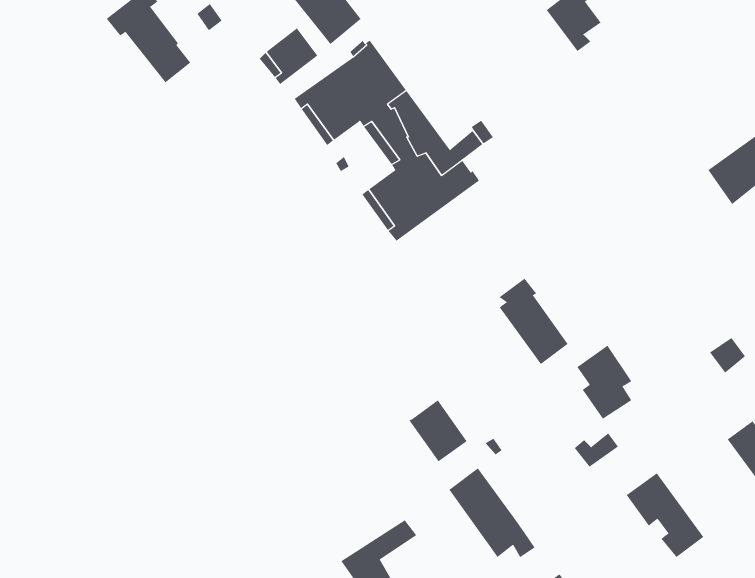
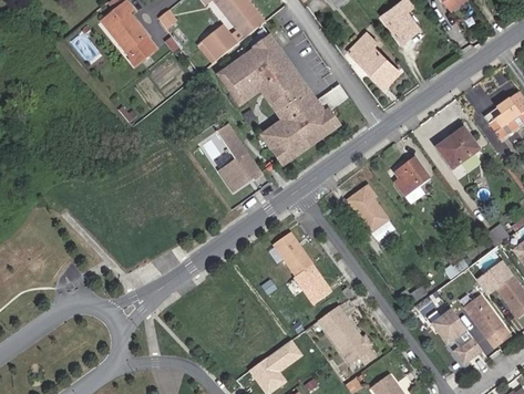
building: none -> [353,32,399,86]
building: none -> [216,123,261,190]
building: none -> [441,128,479,168]
building: [577,345,632,419] -> [394,156,430,204]
building: none -> [273,231,312,276]
building: none -> [463,294,504,339]

